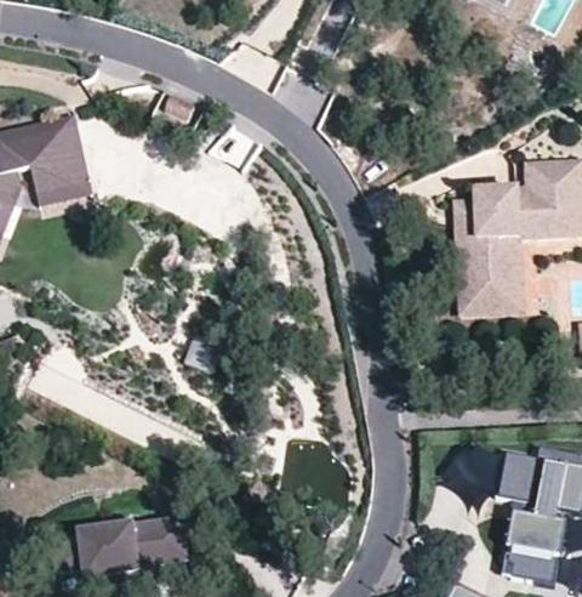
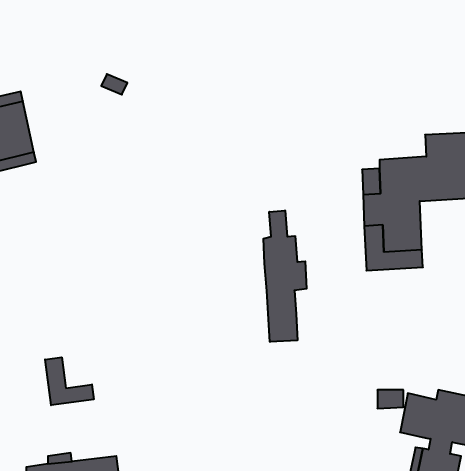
building: none -> [263,210,307,342]
building: none -> [45,357,94,405]

